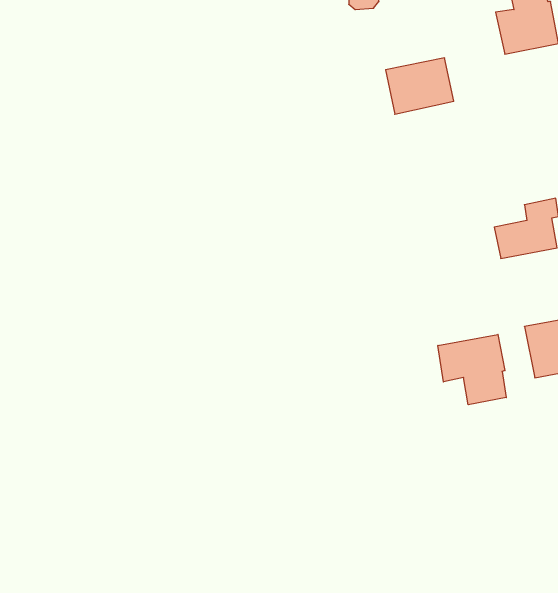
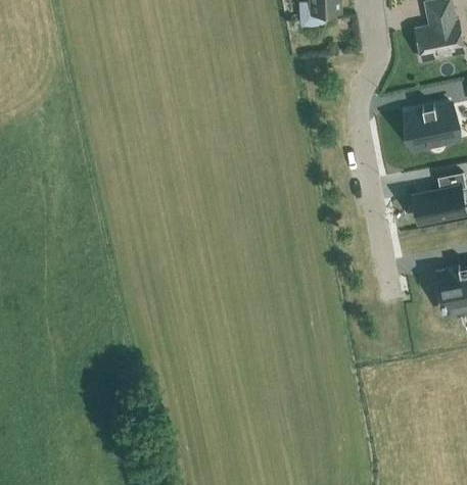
building: [386,58,454,114] -> [406,103,459,147]
building: [438,334,506,405] -> none

